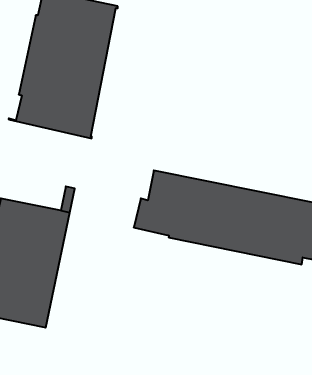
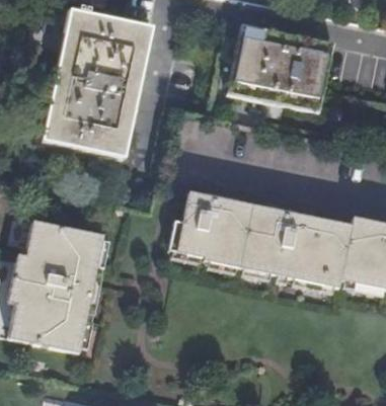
building: none -> [226,23,334,114]

